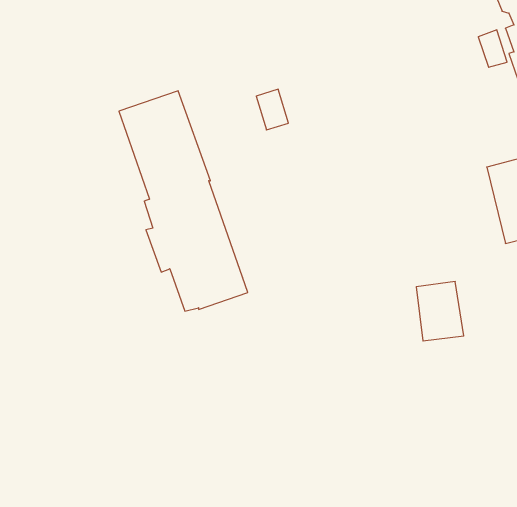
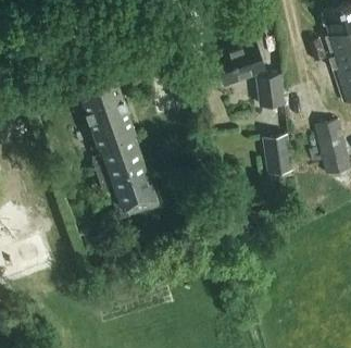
building: none -> [213,40,284,107]
building: [416,282,464,341] -> [260,135,290,173]

